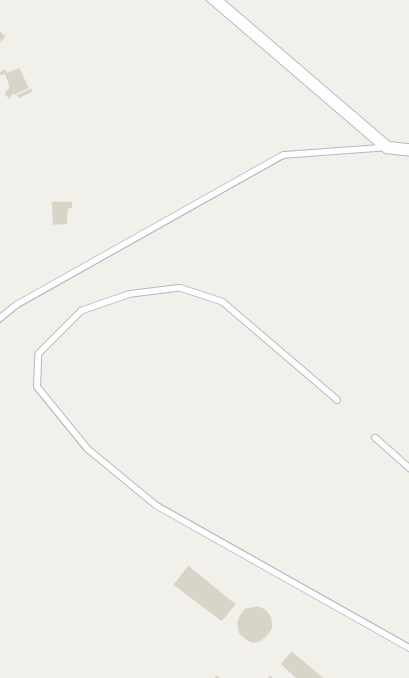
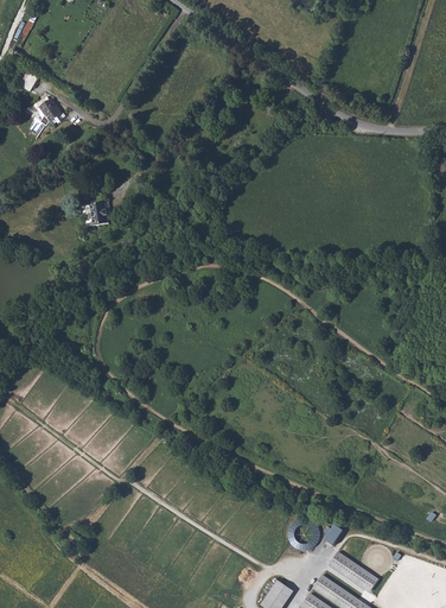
building: [172,565,237,622] -> none

